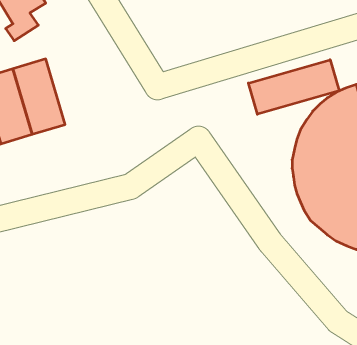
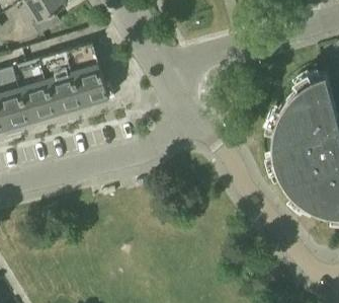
building: none -> [66,44,108,105]
building: [248,60,339,114] -> none

